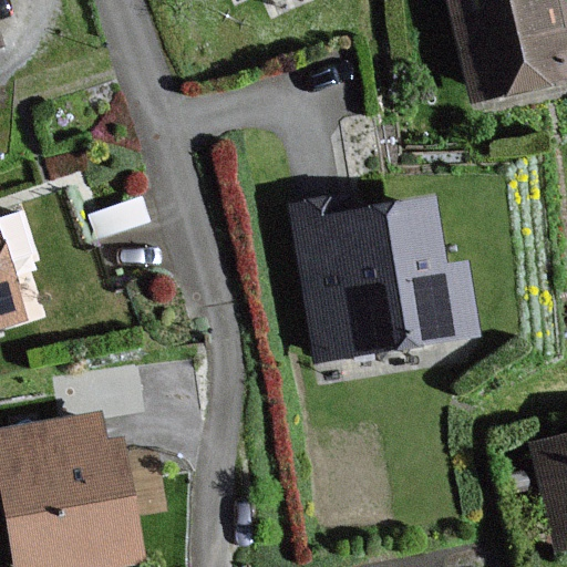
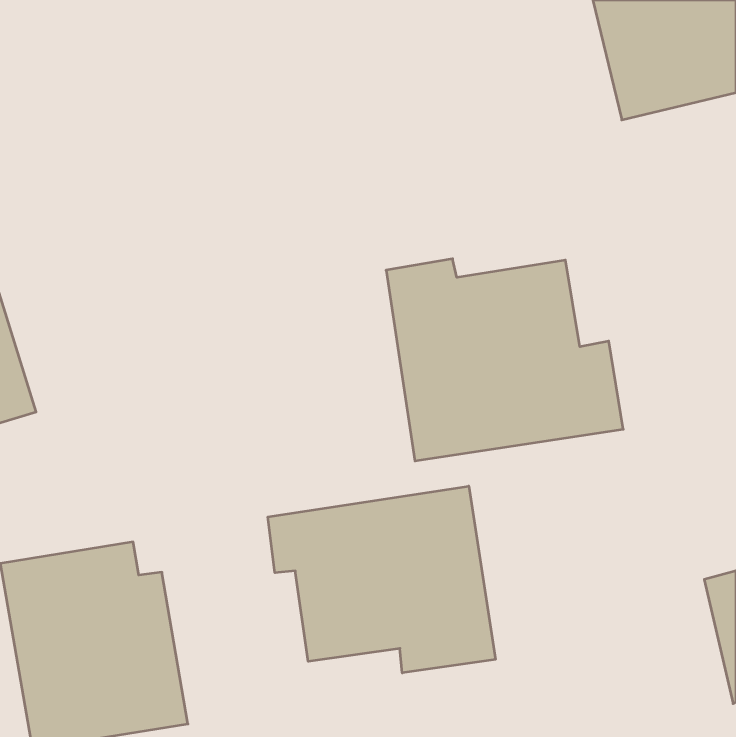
building: none -> [268,486,495,673]

